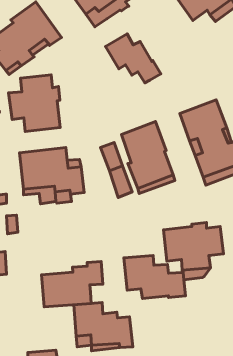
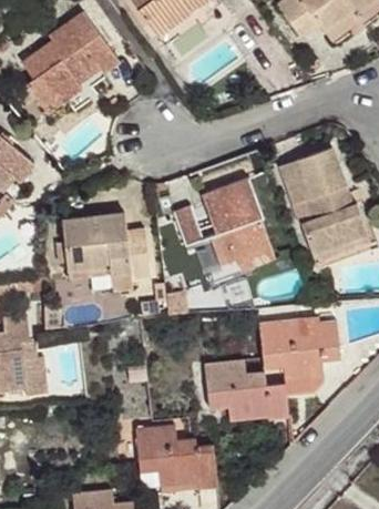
building: [105,34,161,83] -> none
building: [8,75,60,132] -> none
building: [42,261,103,307] -> none

